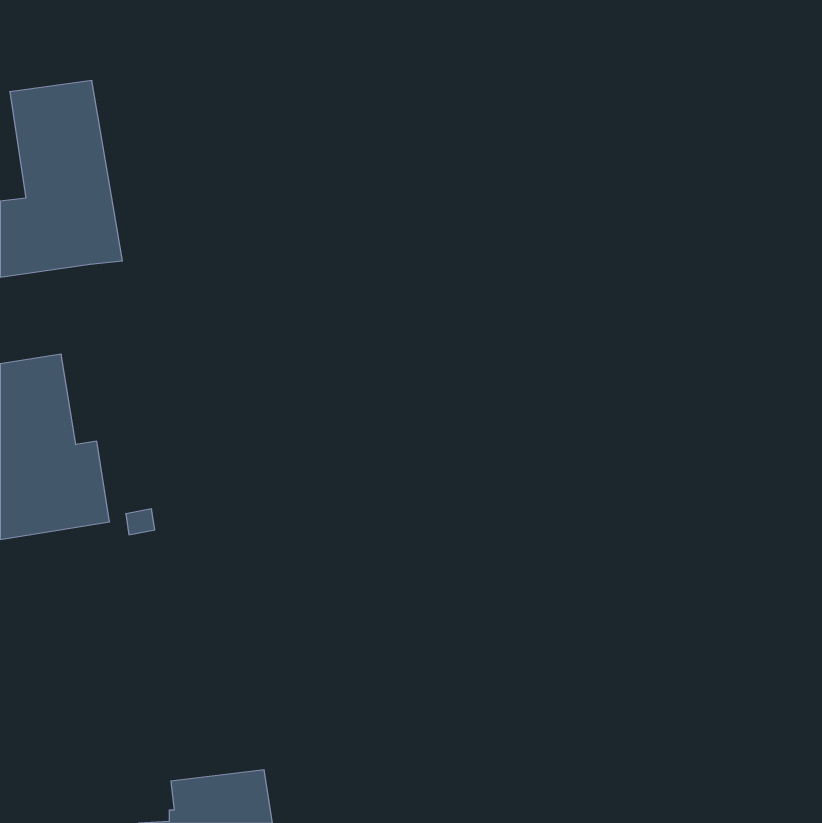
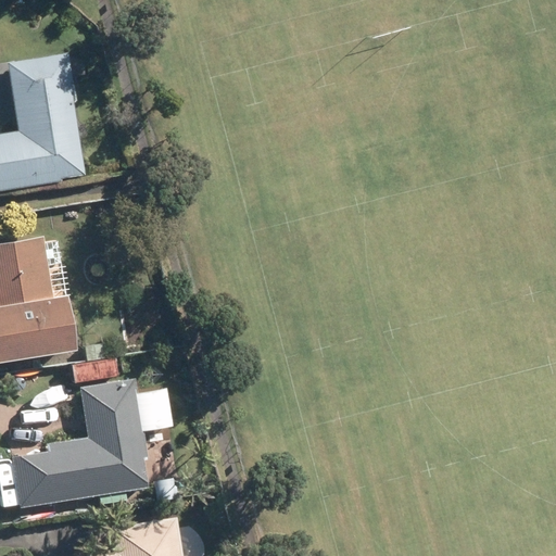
building: none -> [11,382,143,508]

